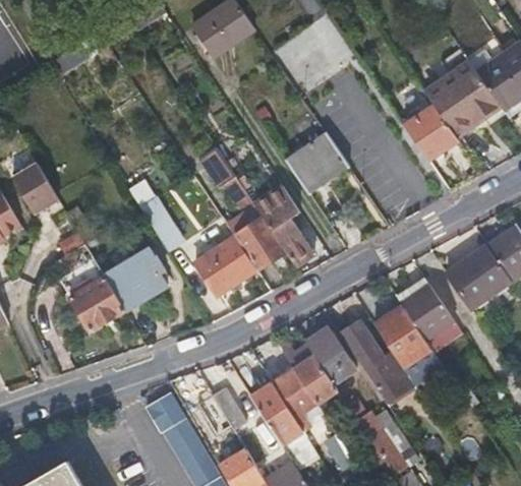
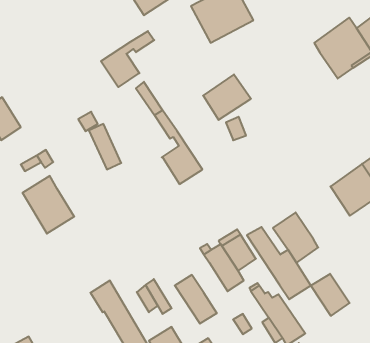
building: none -> [101,31,154,87]
building: [404,105,458,161] -> none
building: [254,184,314,266] -> none
building: [195,236,257,296] -> none
building: [104,248,167,310] -> none
building: [401,284,454,339] -> none
building: [273,368,317,413] -> none
building: none -> [311,274,350,316]

